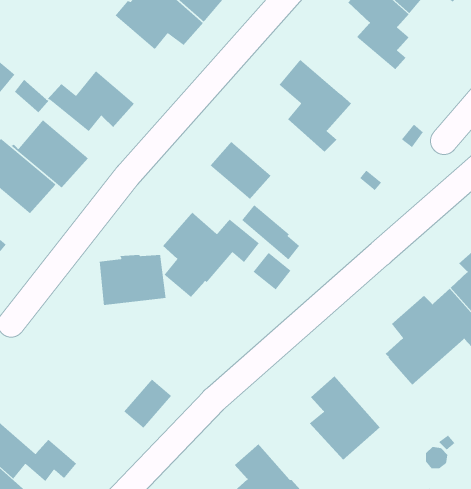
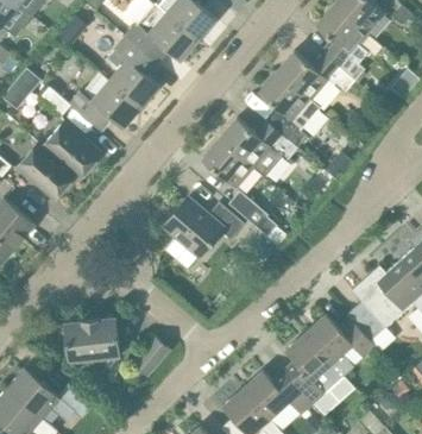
building: none -> [106,36,159,108]
building: none -> [277,51,355,100]
building: none -> [220,118,297,177]
building: [99,254,167,306] -> [64,319,120,361]
building: none -> [306,314,376,376]
building: none -> [243,371,313,419]

